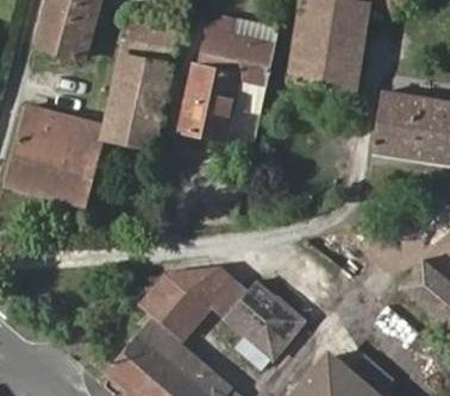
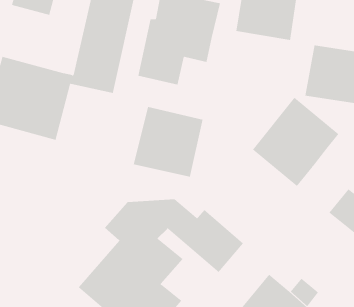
building: none -> [252,97,339,187]
building: none -> [133,106,203,178]

